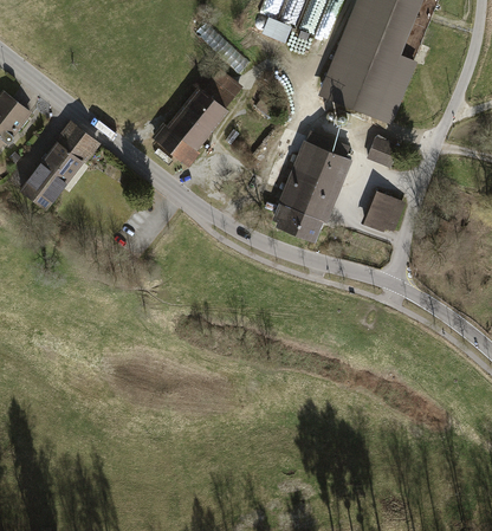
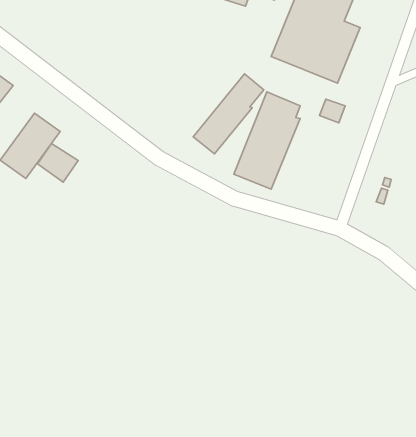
building: [162,71,240,160] -> [193,74,264,154]
building: [56,131,101,174] -> [37,144,78,182]
building: [365,190,406,231] -> none

